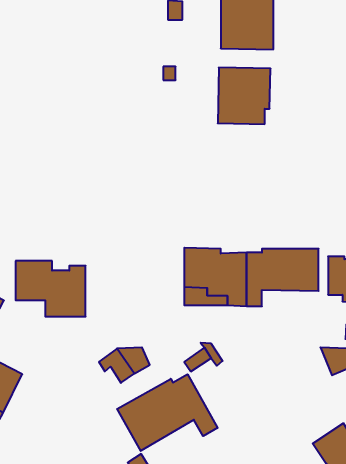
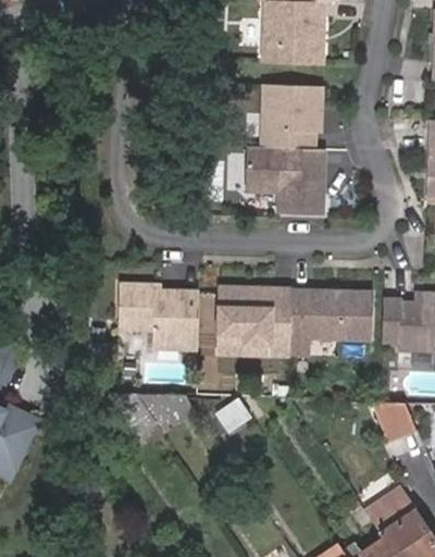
building: none -> [244,147,321,214]
building: [16,261,86,317] -> [120,286,199,349]
building: [117,374,218,451] -> none

